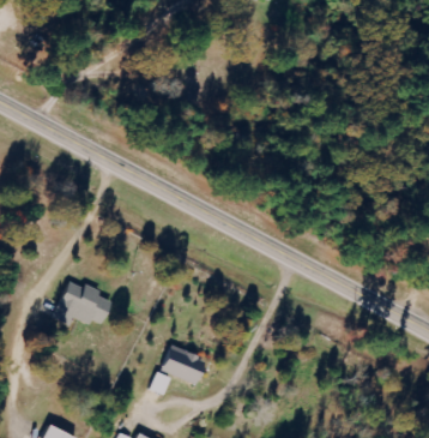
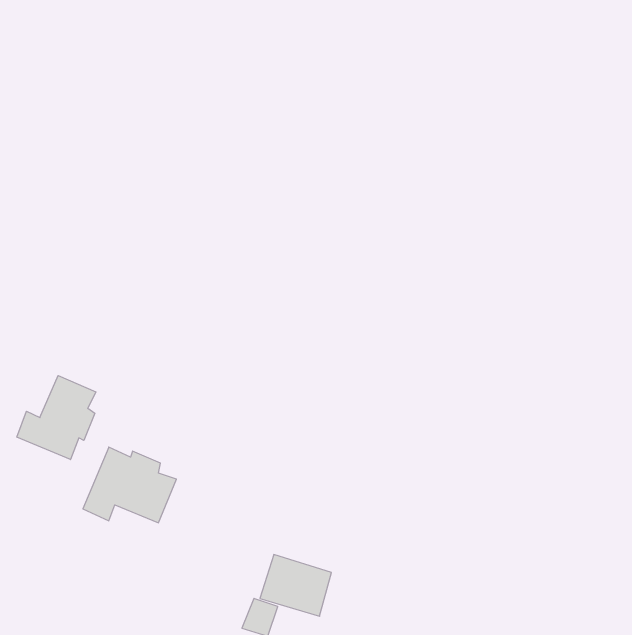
building: none -> [17,376,96,460]

